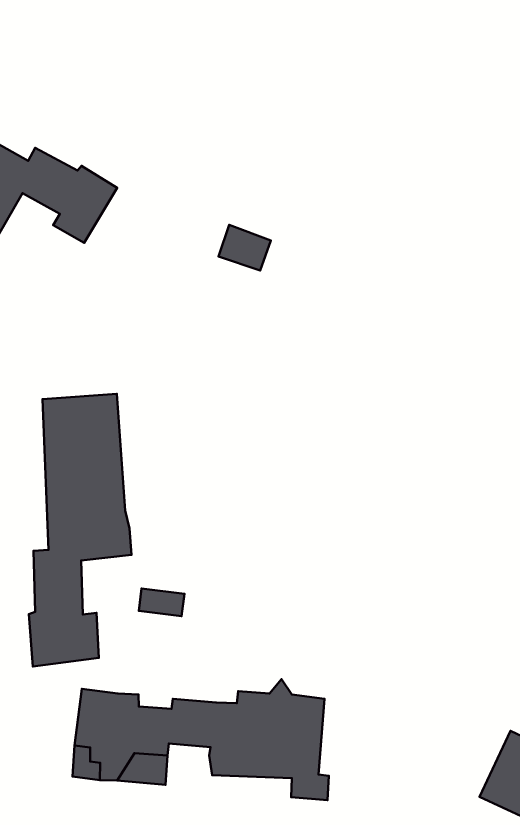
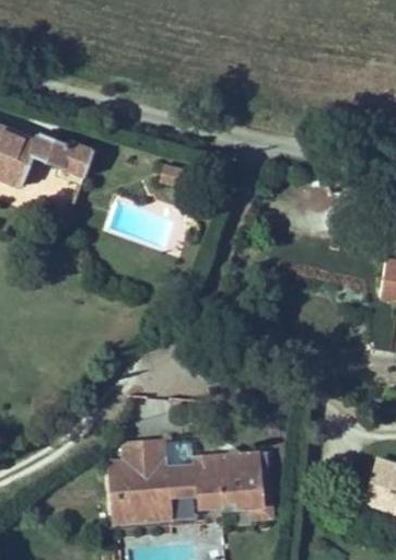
building: [29,394,132,667] -> none
building: none -> [130,436,167,474]

